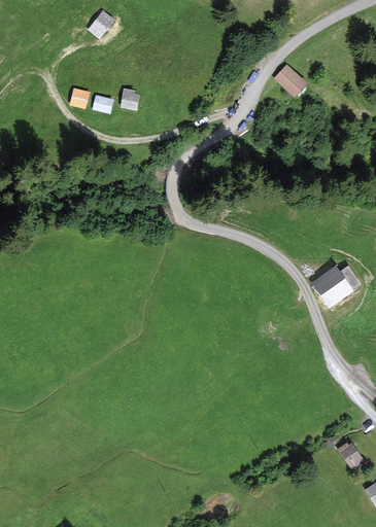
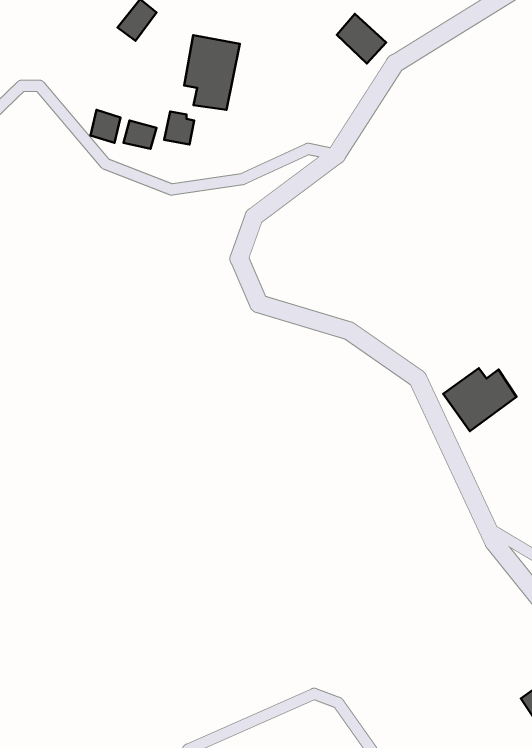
building: none -> [184,35,240,110]
building: [274,64,308,98] -> [337,14,386,63]
building: [337,443,364,470] -> none

